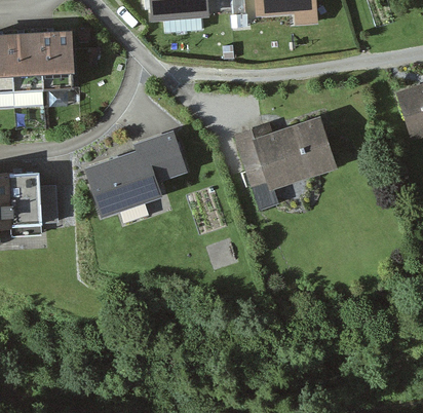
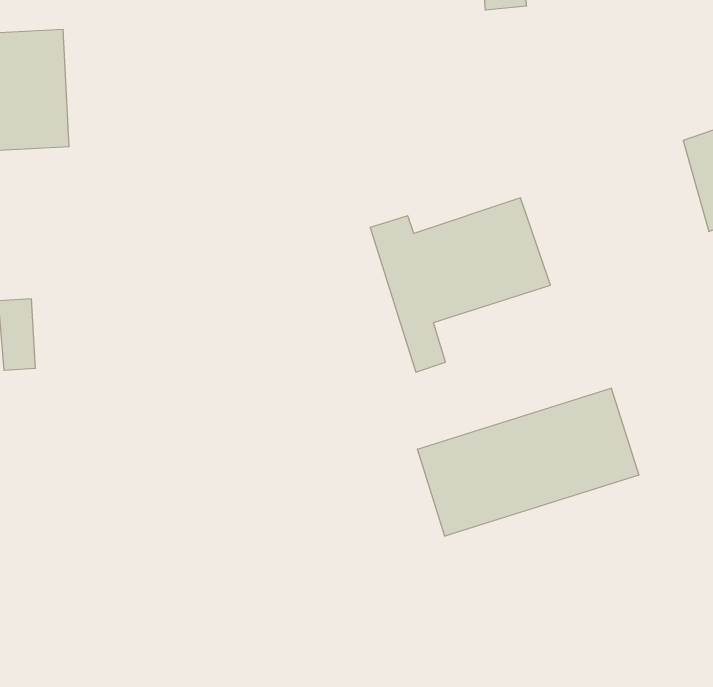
building: [88,134,185,215] -> none
building: none -> [417,388,639,536]

